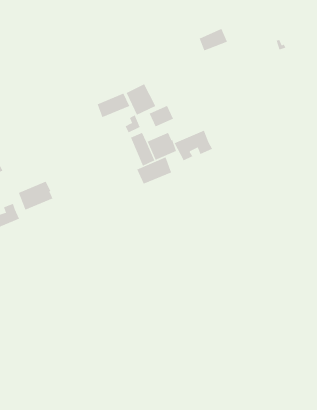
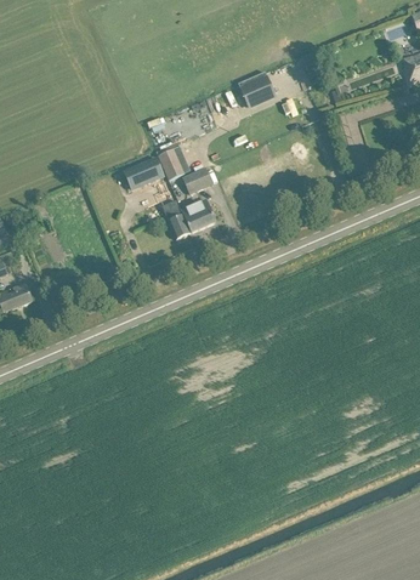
building: [174,130,213,161] -> none
building: [137,157,172,184] -> none
building: [18,181,53,210] -> none

